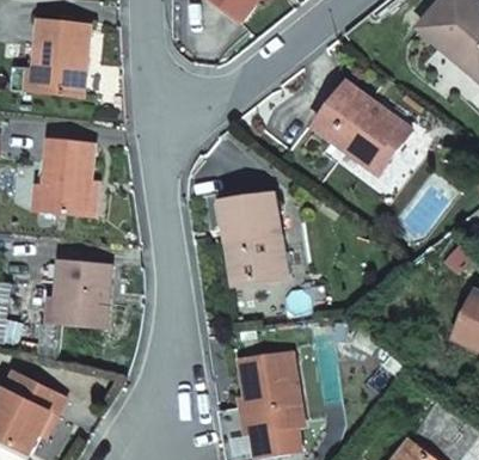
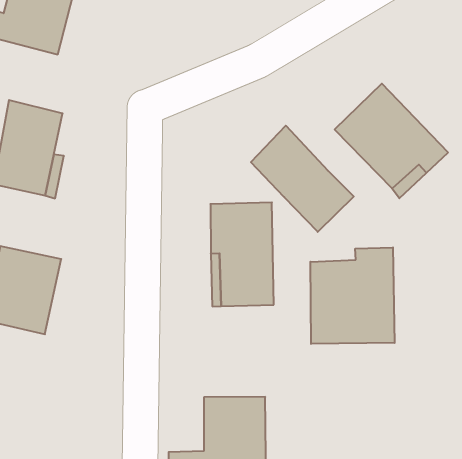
building: none -> [251,126,354,232]
building: none -> [310,247,395,344]

